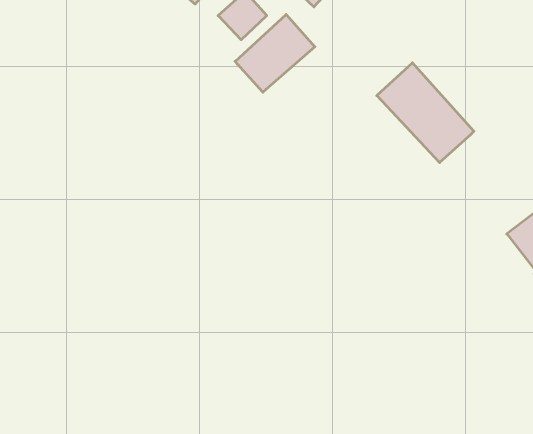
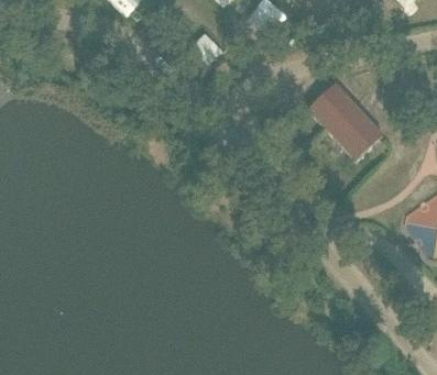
building: [235,14,315,92] -> none

